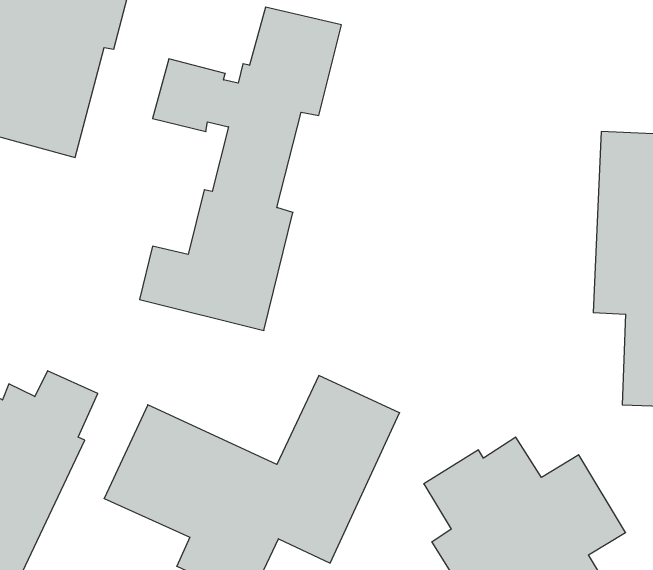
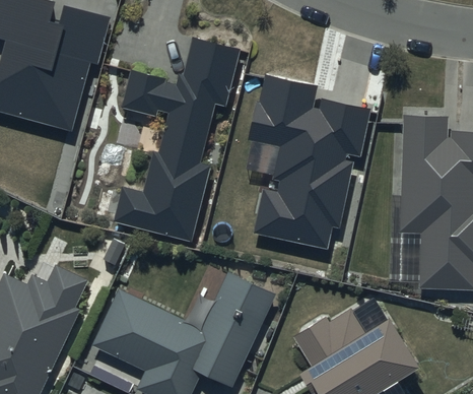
building: none -> [253,78,365,243]

